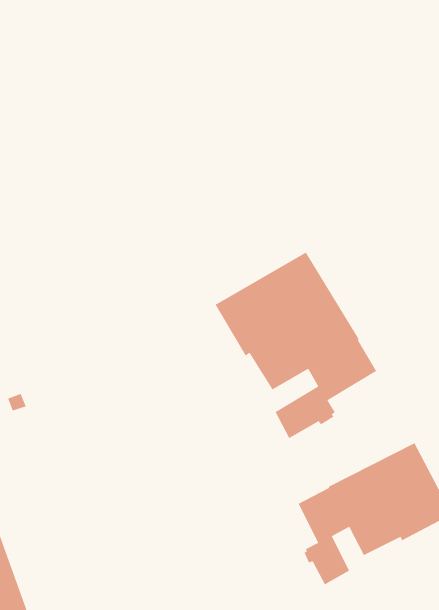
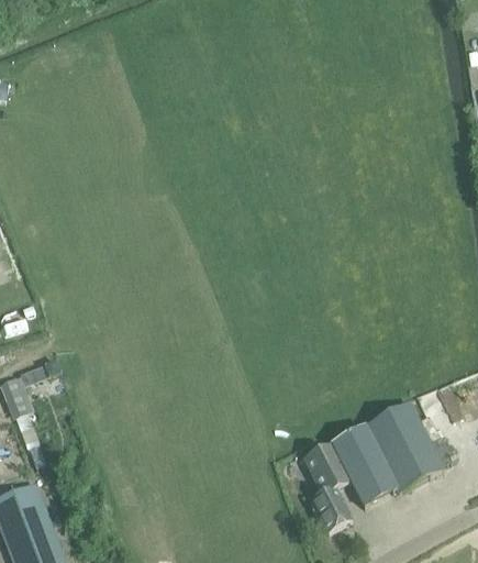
building: [214,252,377,439] -> none

